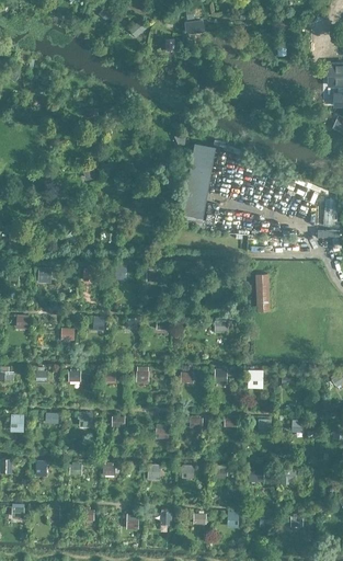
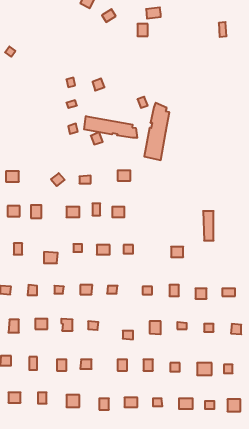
building: none -> [84,116,137,138]

